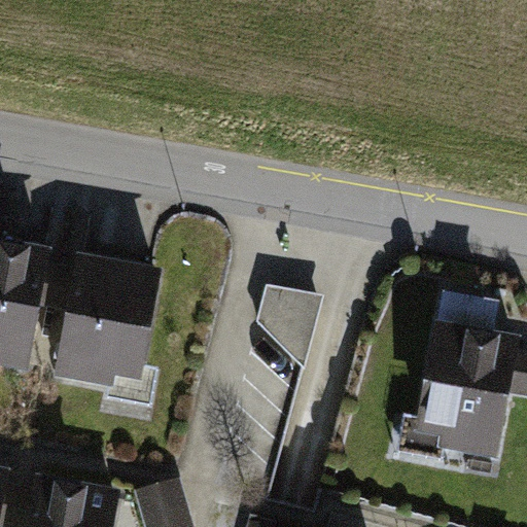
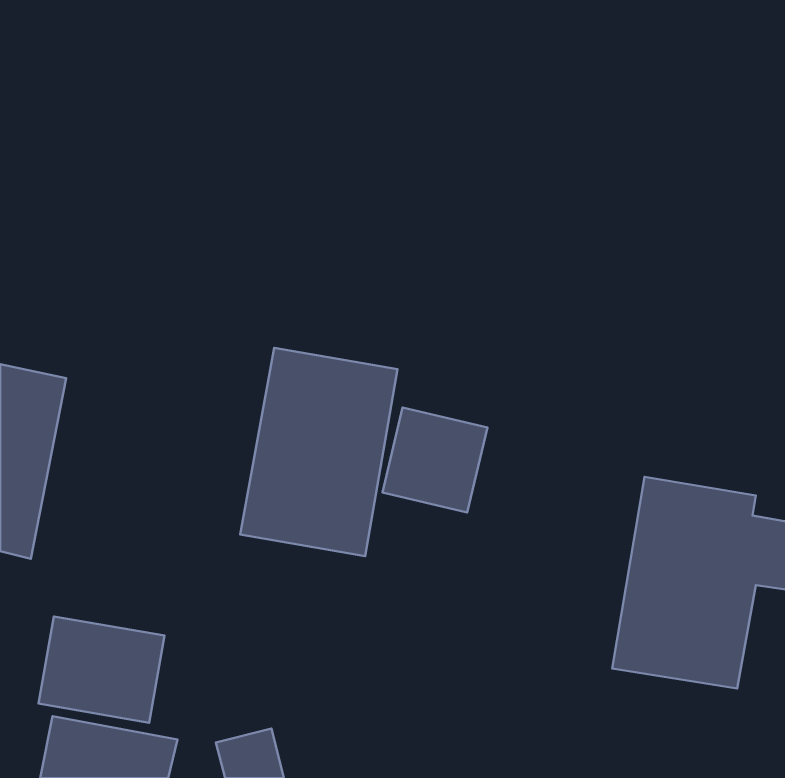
building: [52,256,157,395] -> [240,348,398,556]
building: none -> [39,616,164,723]

